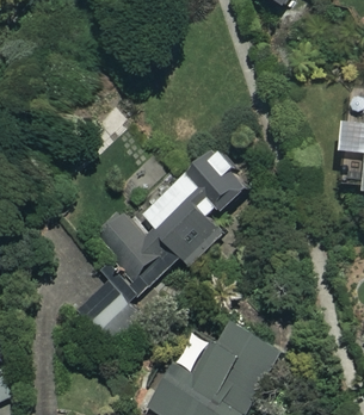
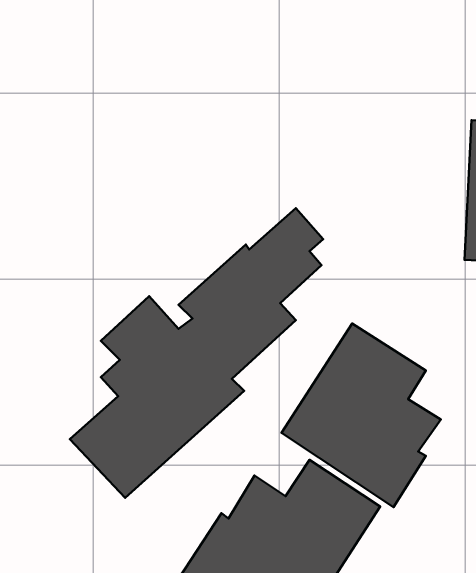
building: none -> [281,323,441,507]

